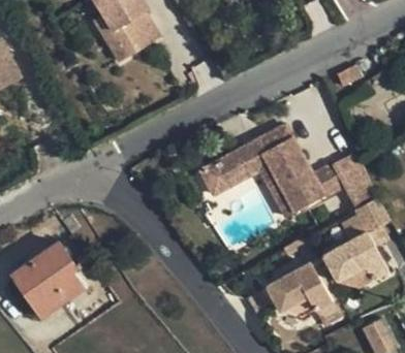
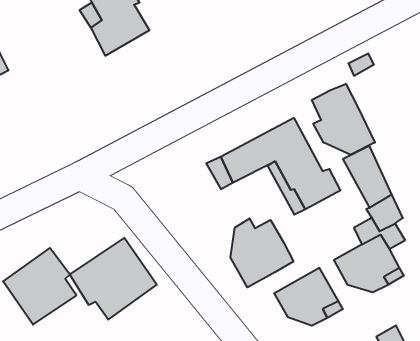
building: none -> [312,84,375,155]
building: none -> [230,218,293,287]
building: none -> [70,238,157,320]

